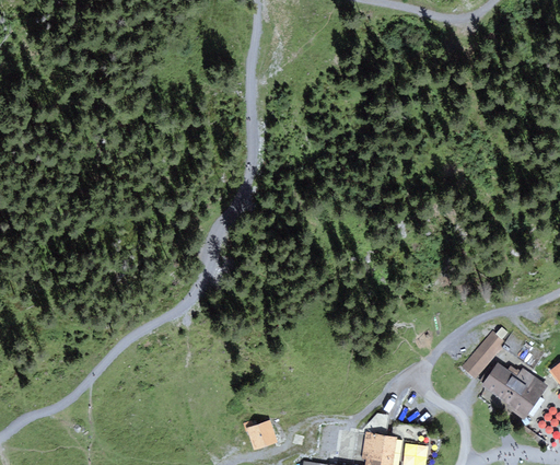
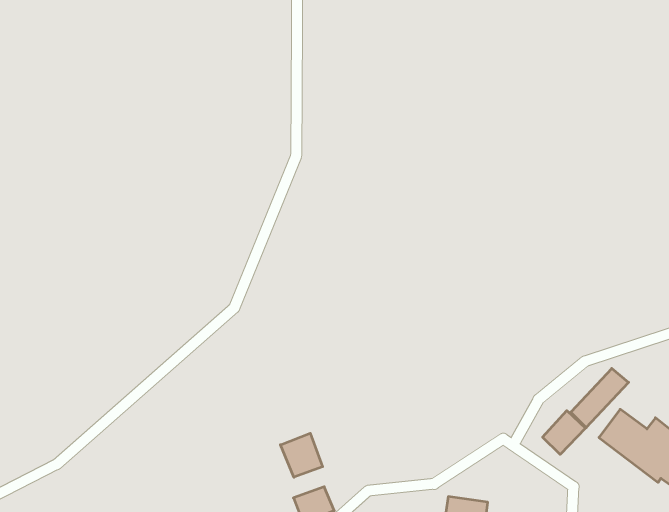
building: none -> [543,411,585,454]
building: none -> [280,433,323,477]

